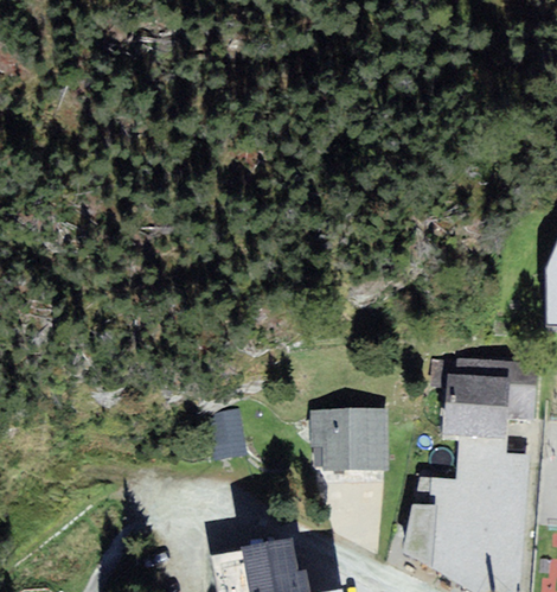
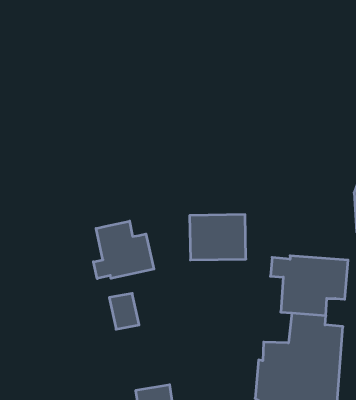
building: none -> [93,221,154,279]
building: [309,408,388,471] -> [190,215,246,260]

